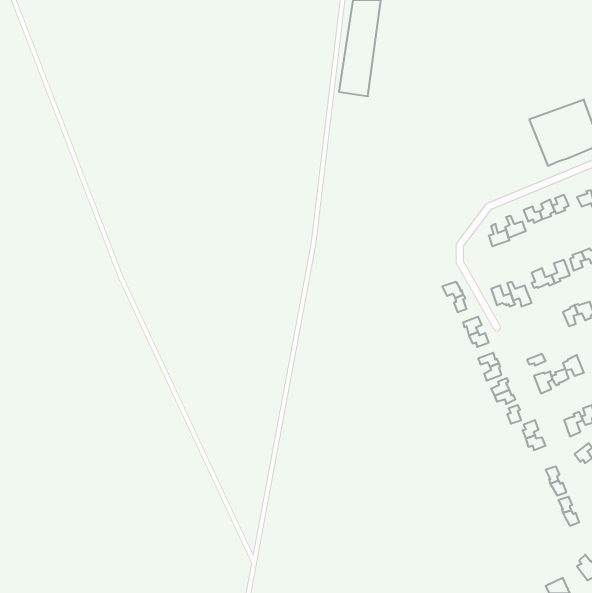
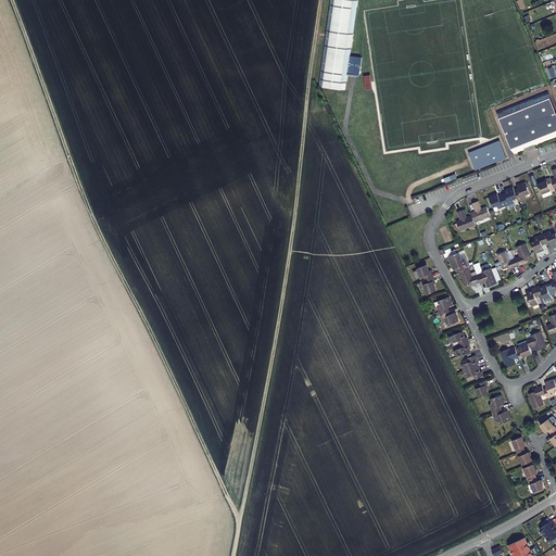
building: none -> [468,142,505,170]

